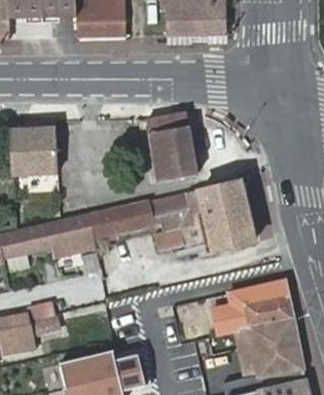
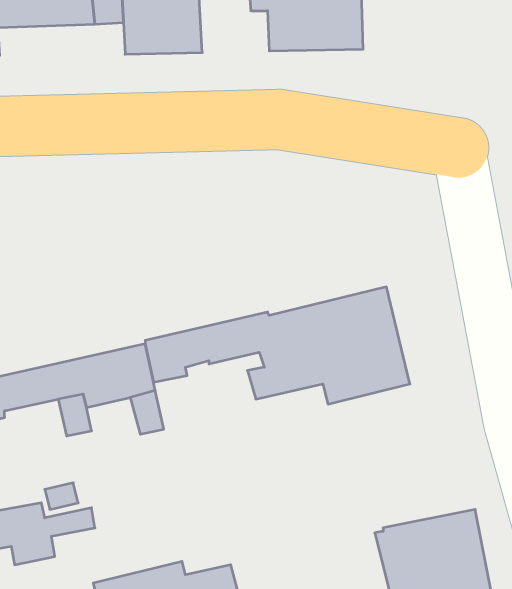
building: [146,111,196,183] -> none
building: [9,130,60,176] -> none
building: [211,280,293,335] -> none

